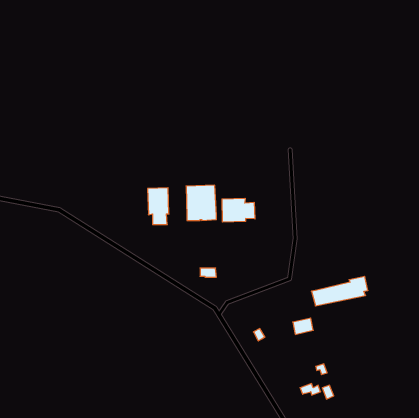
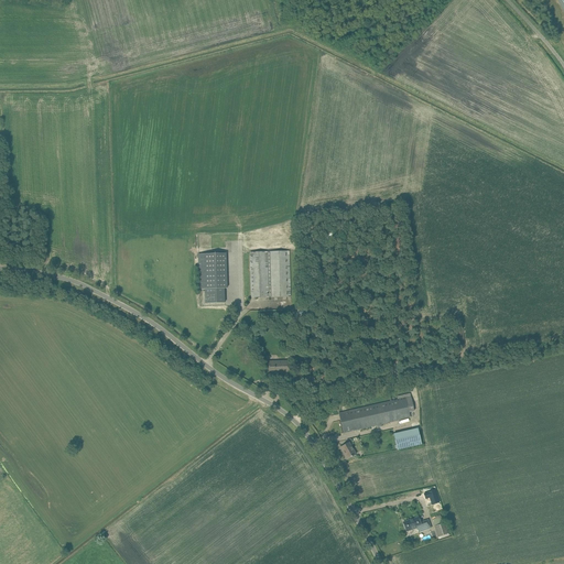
building: [222,198,255,222] -> none
building: [311,276,368,306] -> [338,392,414,432]

